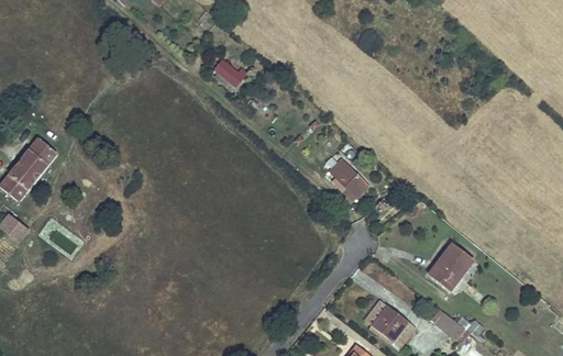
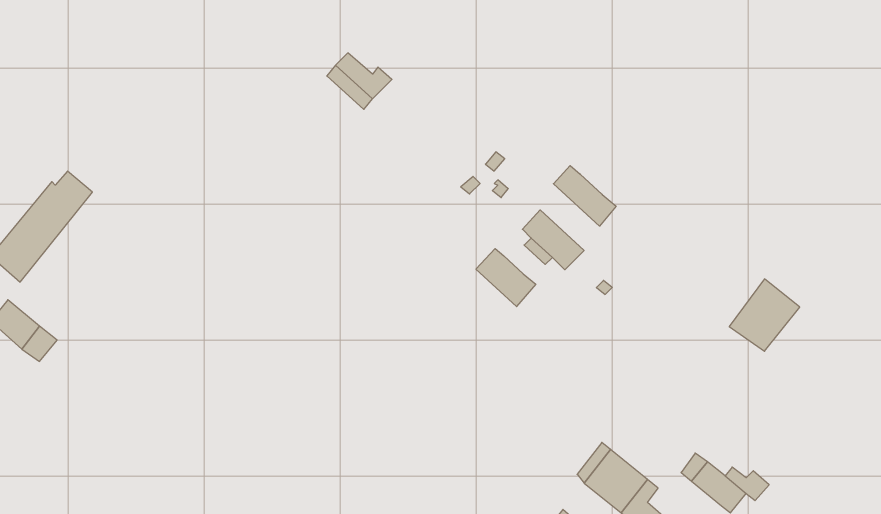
building: none -> [553,166,616,226]
building: none -> [476,249,536,307]
building: [428,246,472,291] -> [729,279,800,351]

